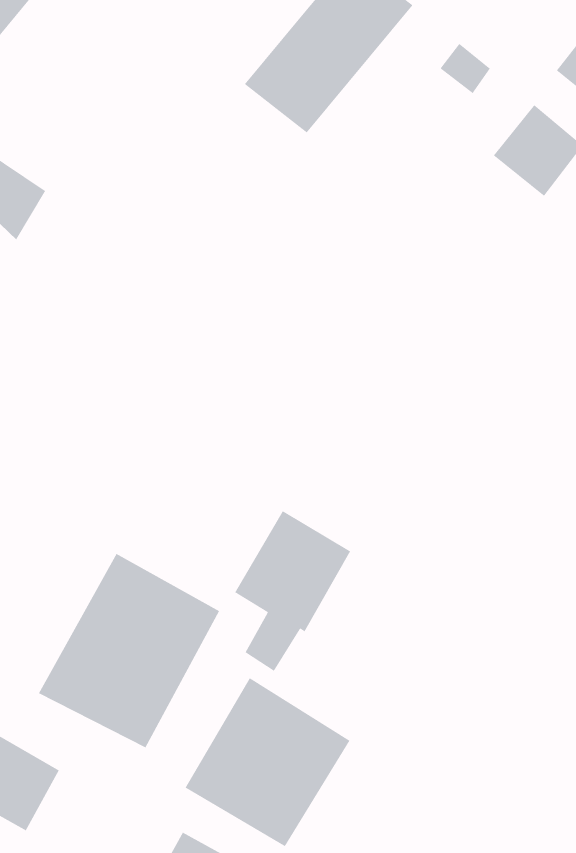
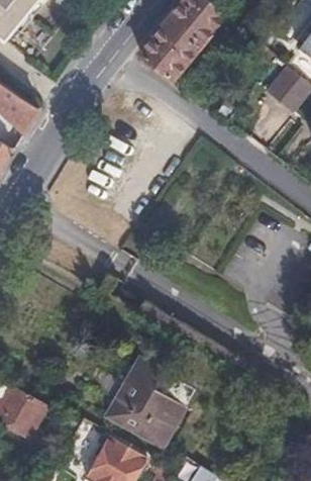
building: [234,510,351,672] -> none
building: [38,553,220,749] -> none

